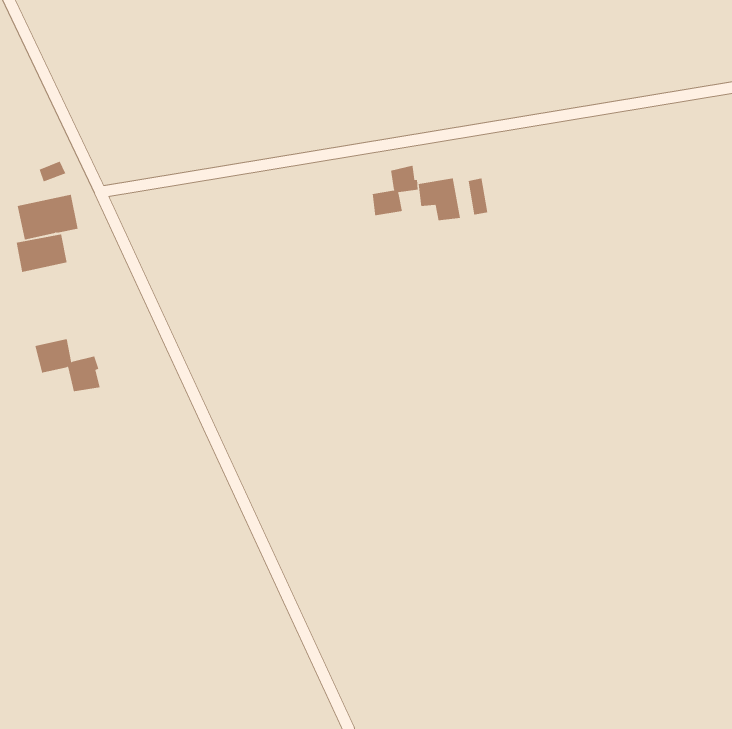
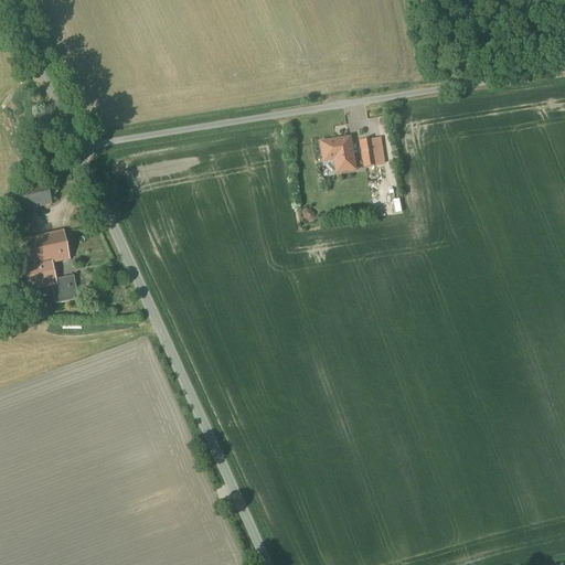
building: [372,165,418,216] -> none
building: [17,194,79,240] -> [22,231,70,266]

